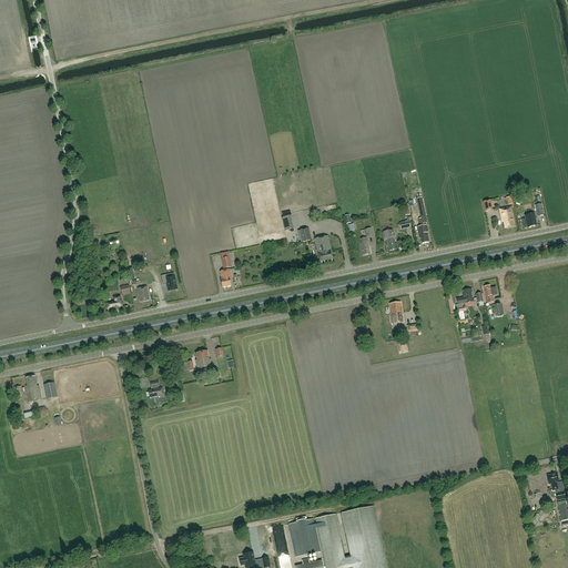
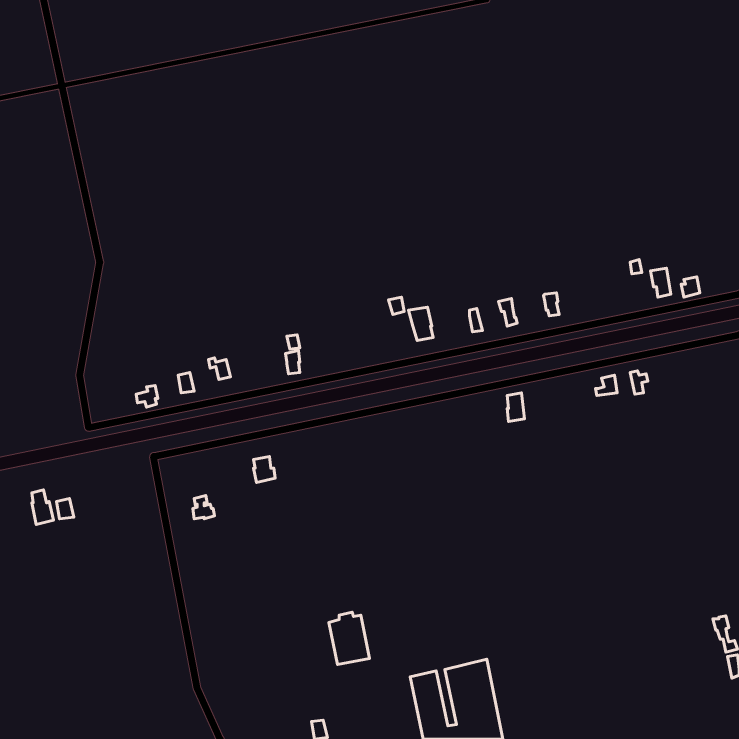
building: [287,516,318,556] -> [329,612,369,664]

